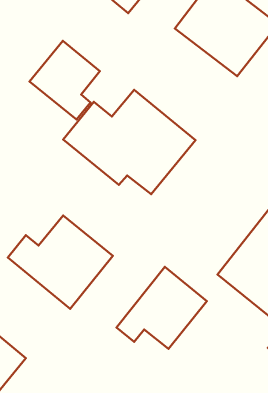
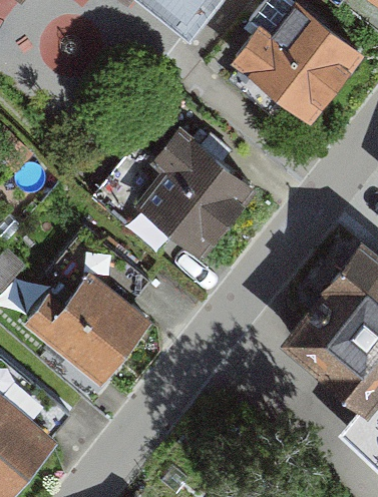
building: [29,41,100,119] -> none
building: [117,267,207,349] -> none

